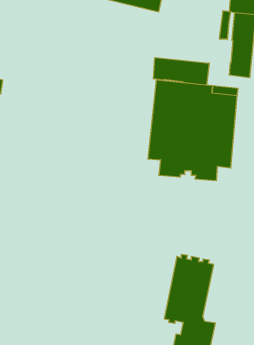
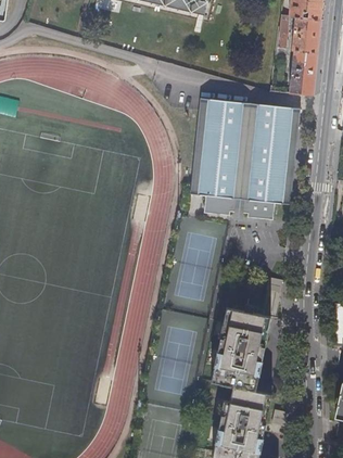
building: [153,58,209,85] -> none

